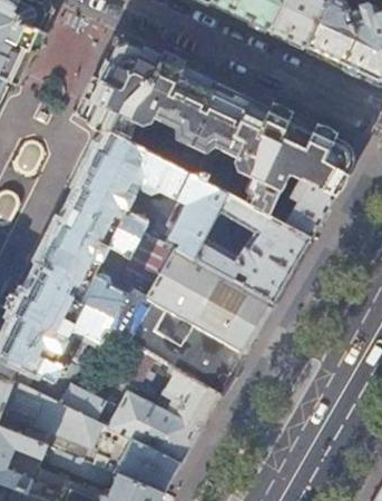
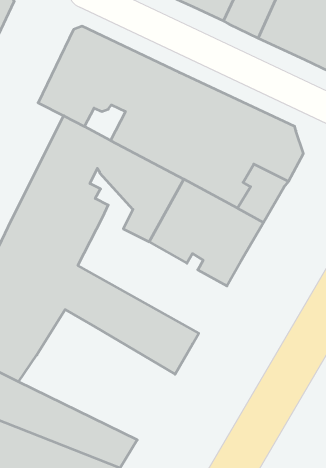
building: [118,233,272,353] -> none
building: [57,346,218,463] -> none

